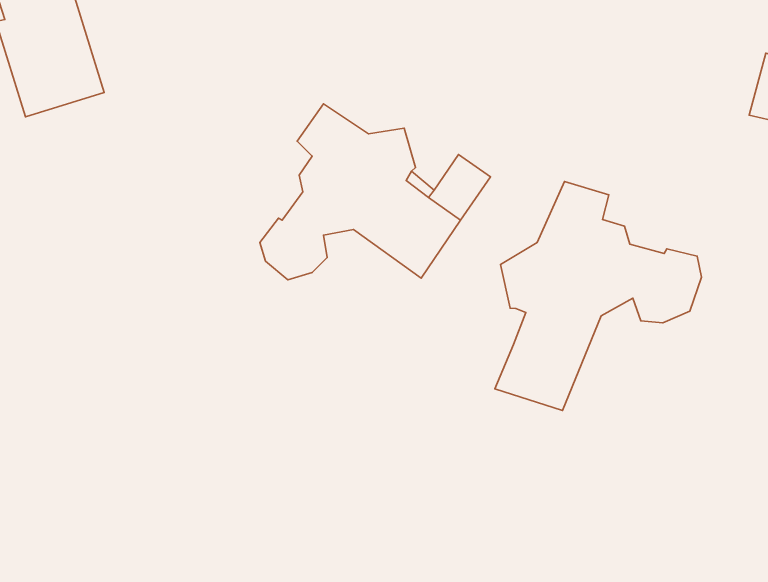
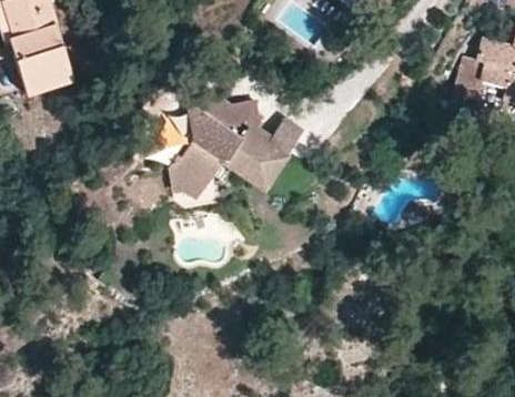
building: [495,182,702,411] -> none

